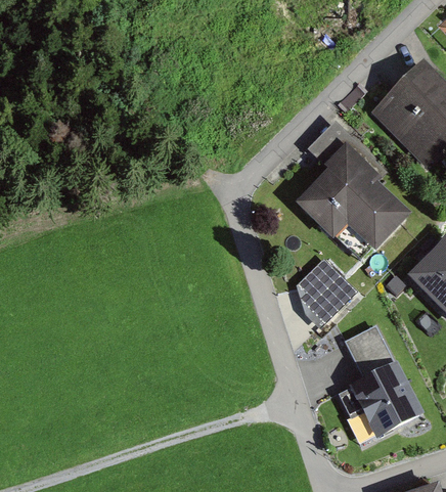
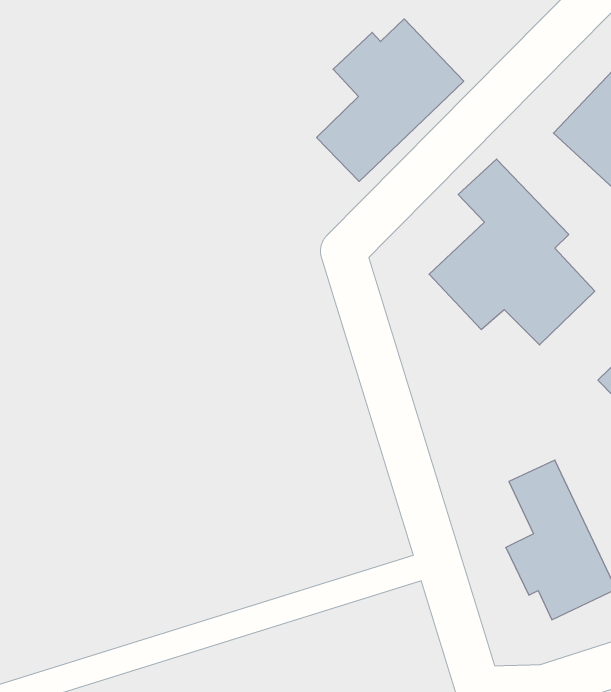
building: none -> [317,19,464,181]
building: [297,252,364,319] -> none

